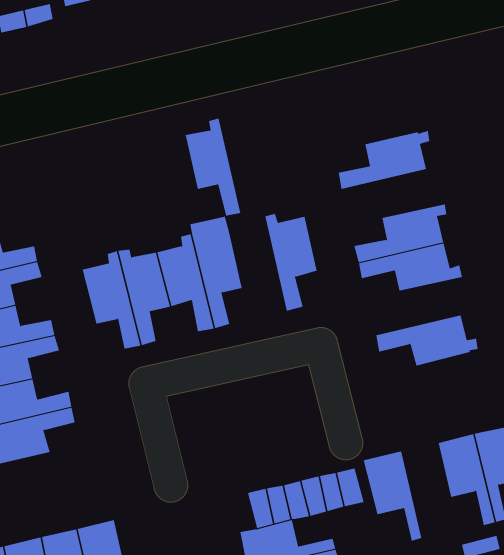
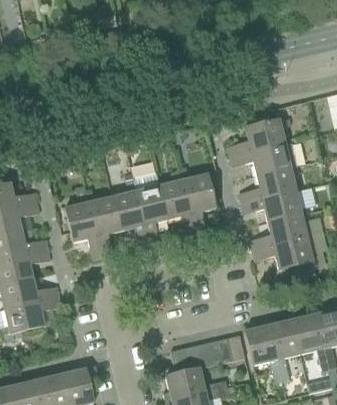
building: [185,118,241,216] -> [159,174,195,237]
building: none -> [230,143,297,175]
building: none -> [250,213,309,250]
building: none -> [269,319,300,381]

